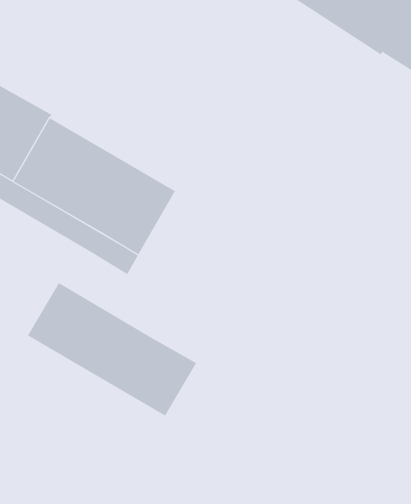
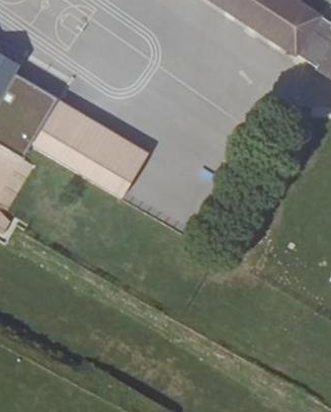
building: [27,282,197,416] -> none

